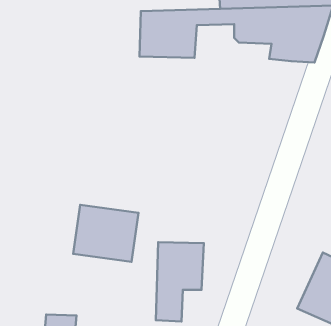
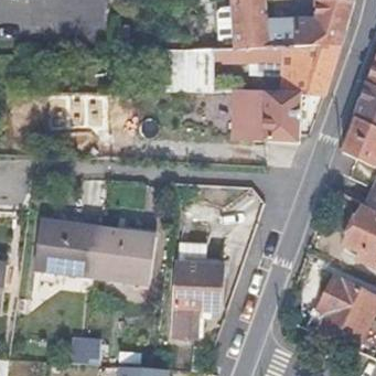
building: none -> [238,89,303,141]
building: none -> [36,222,104,277]

